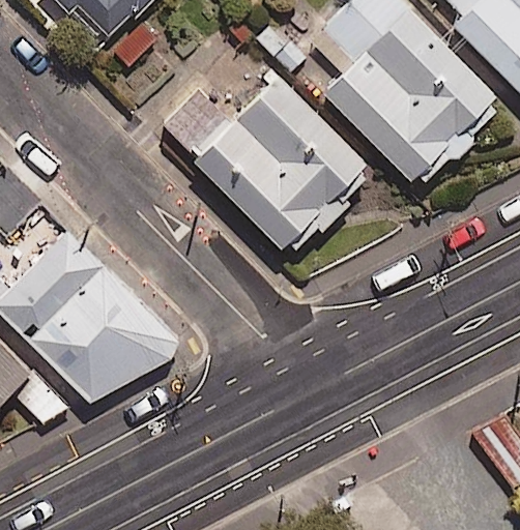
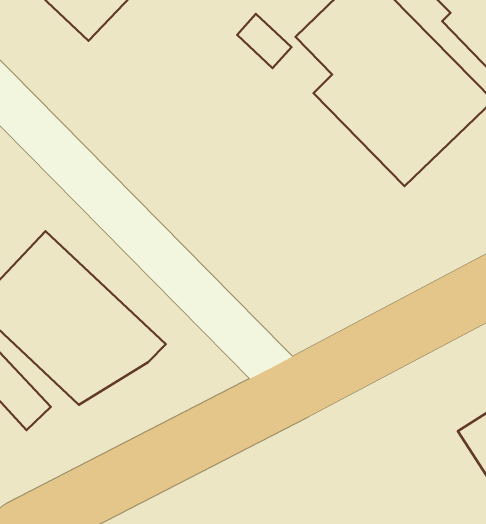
building: [160,78,376,259] -> none

